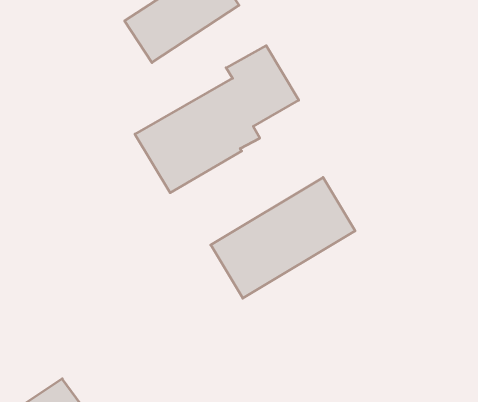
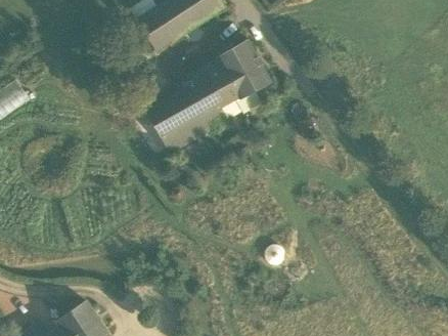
building: [211,177,355,298] -> none

